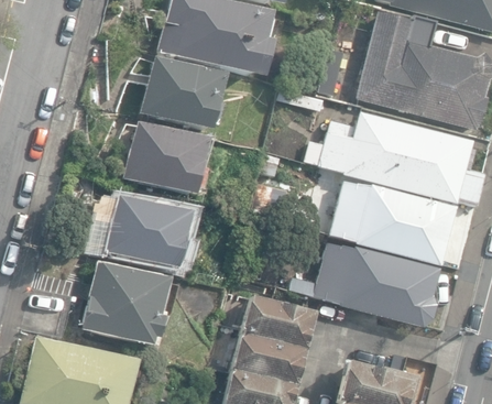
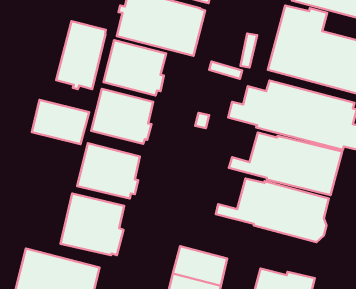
building: none -> [56,21,106,89]
building: none -> [32,100,89,144]
building: [242,295,315,348] -> none

